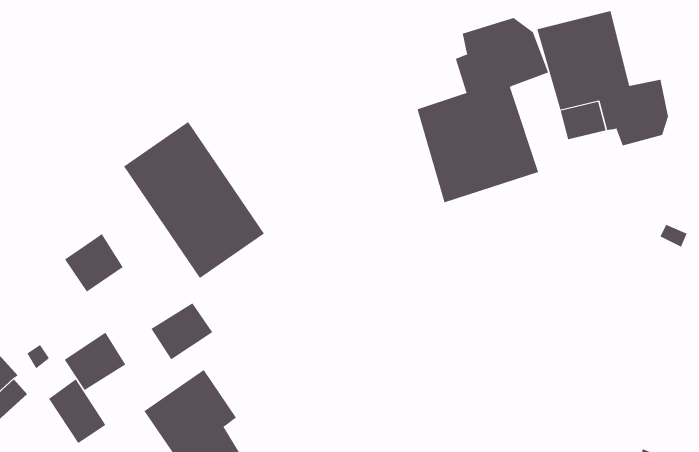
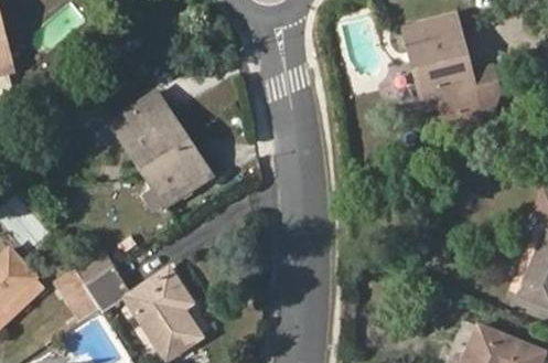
building: [417,17,549,203] -> none
building: [64,233,124,293] -> none
building: [151,302,213,360] -> [84,266,128,307]

